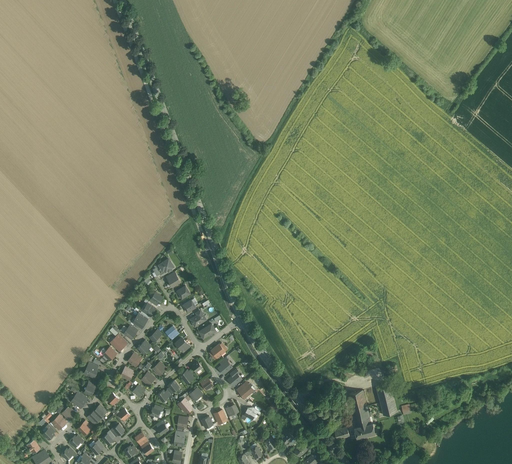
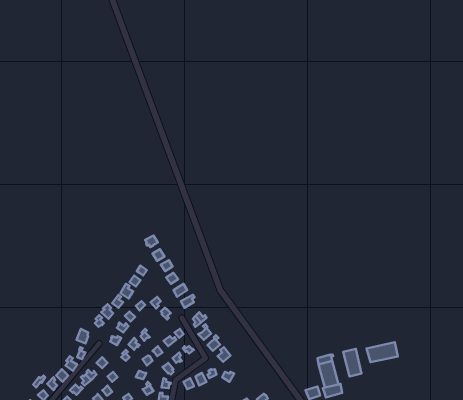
building: none -> [366,342,398,362]

